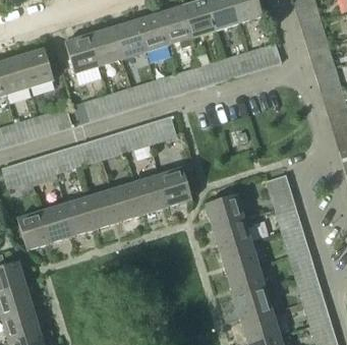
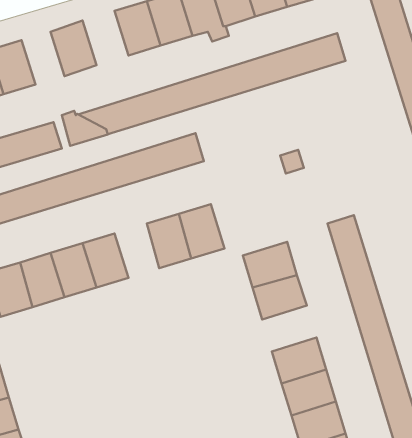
building: [88,26,121,66] -> none
building: [111,182,143,222] -> none
building: [219,242,258,276] -> none

